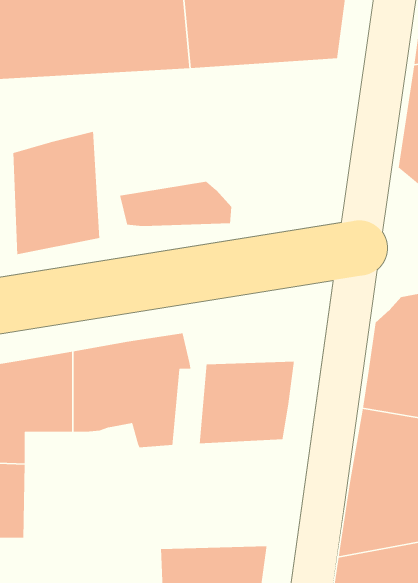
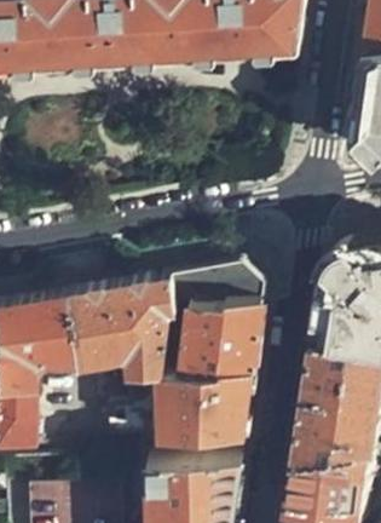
building: [12,131,100,255] -> none
building: [119,181,232,227] -> [167,271,262,310]
building: none -> [105,374,252,447]

